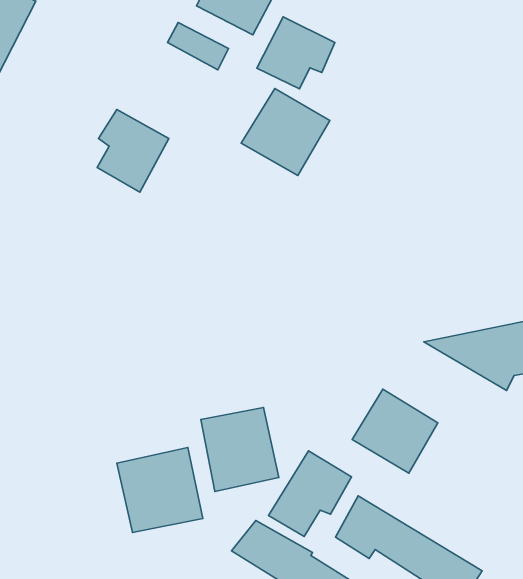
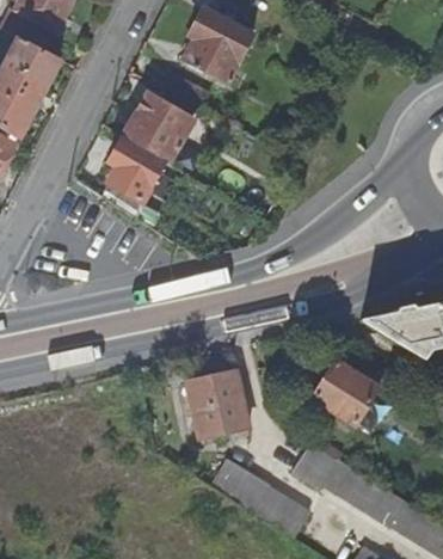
building: [257,17,335,89] -> none
building: [241,88,330,175] -> [125,96,195,164]
building: [117,447,203,533] -> none
building: [268,451,351,537] -> none

